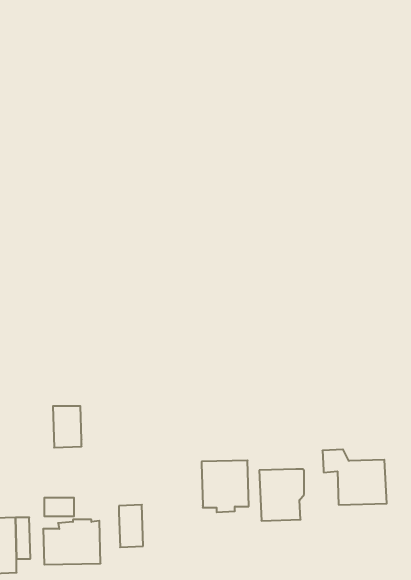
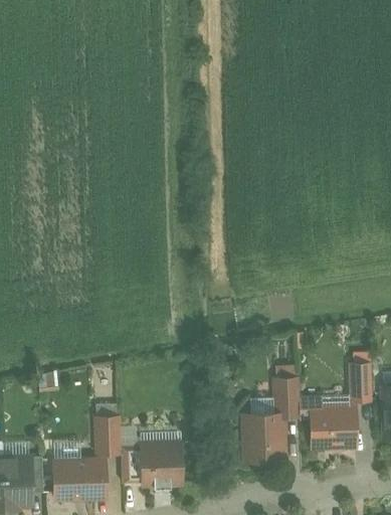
building: [53,406,82,448] -> [95,416,121,453]
building: none -> [350,362,371,399]
building: none -> [273,378,300,414]
building: [202,460,249,512] -> [141,442,182,487]

